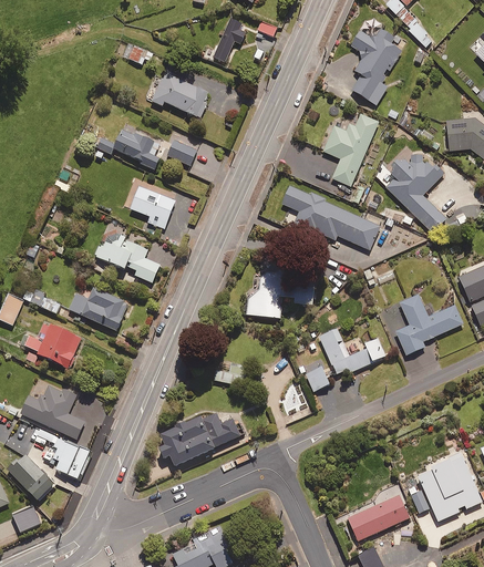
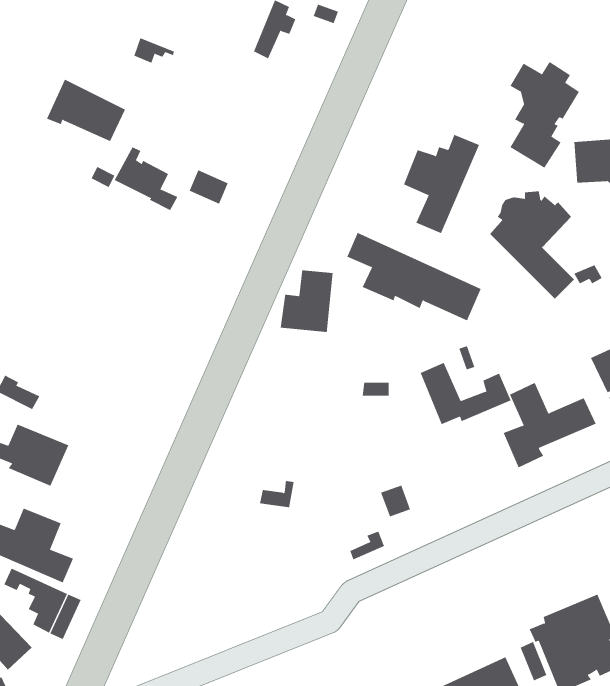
building: [351,28,402,105] -> [509,61,580,169]
building: [152,72,209,117] -> [46,79,126,142]
building: [131,186,176,228] -> none
building: [93,227,161,282] -> none
building: [246,272,285,318] -> [280,270,334,332]
building: [69,288,123,331] -> none
building: [320,329,387,374] -> [420,362,512,425]
building: [161,412,241,467] -> none

